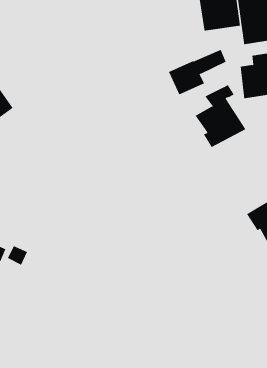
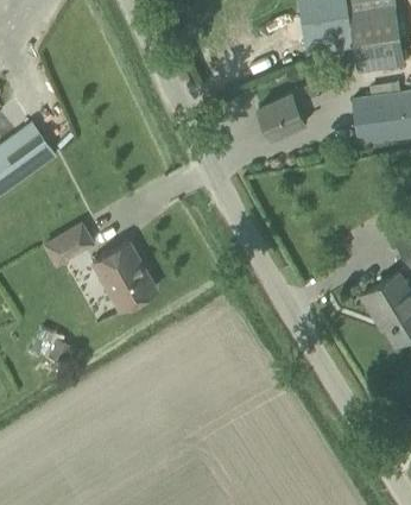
building: [195,84,246,148] -> none
building: none -> [44,227,88,264]
building: none -> [89,242,154,311]

